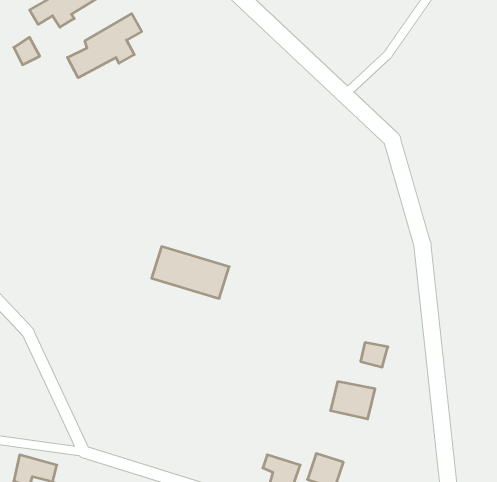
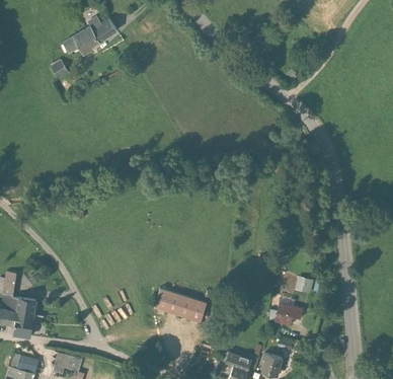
building: [67,14,142,78] -> none
building: [152,247,229,298] -> [153,286,208,322]

